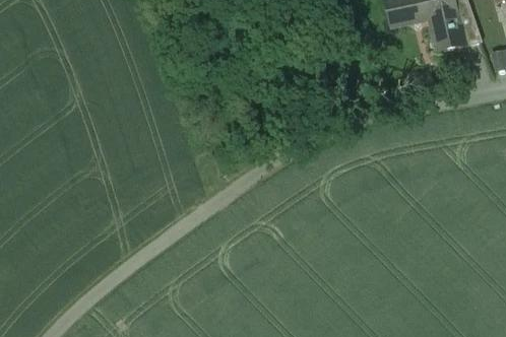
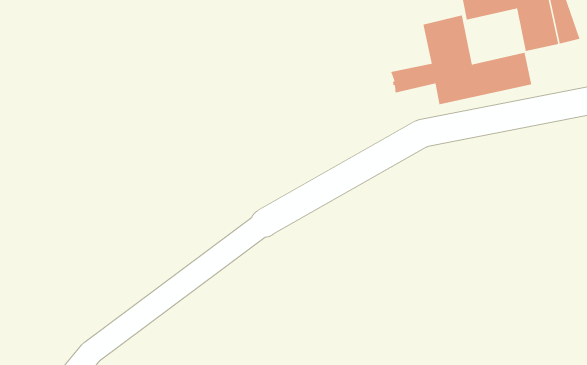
building: none -> [390,15,532,105]

